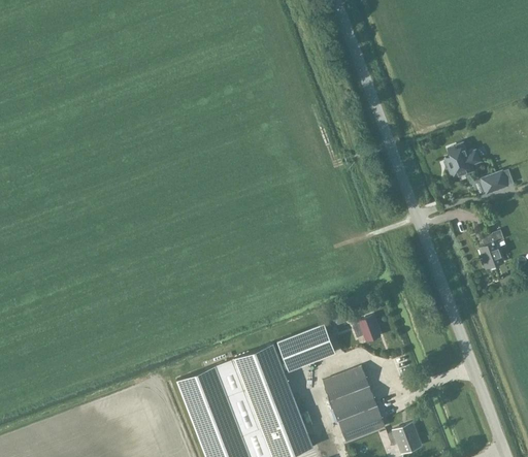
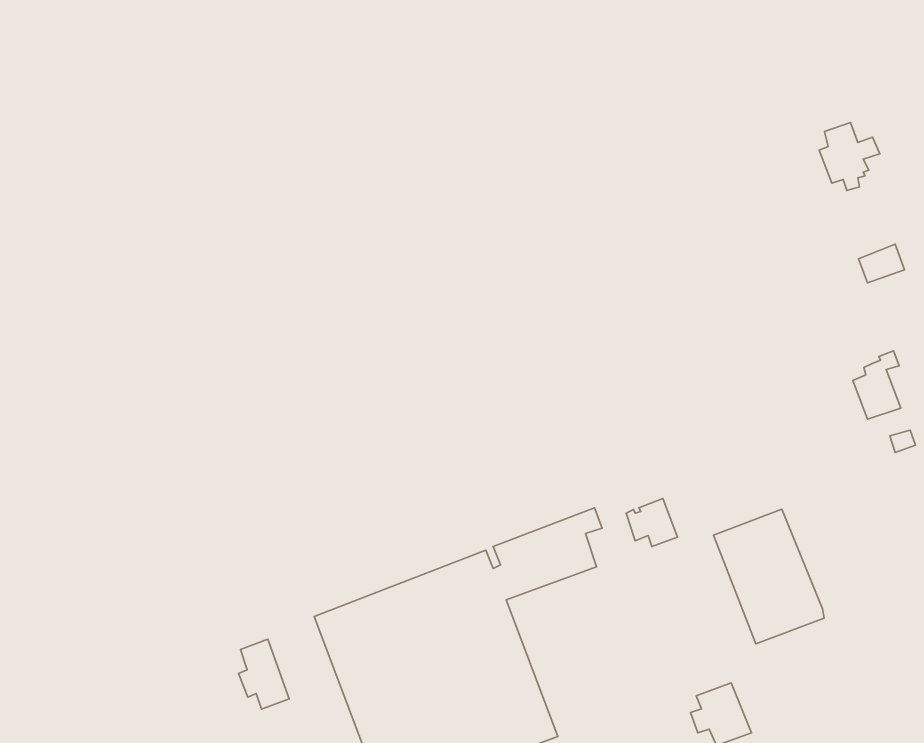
building: [446,145,480,184] -> [819,122,880,191]
building: [323,367,385,443] -> [714,509,824,644]
building: none -> [239,639,289,709]

